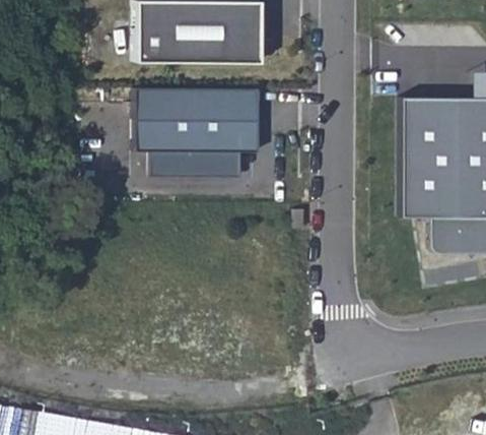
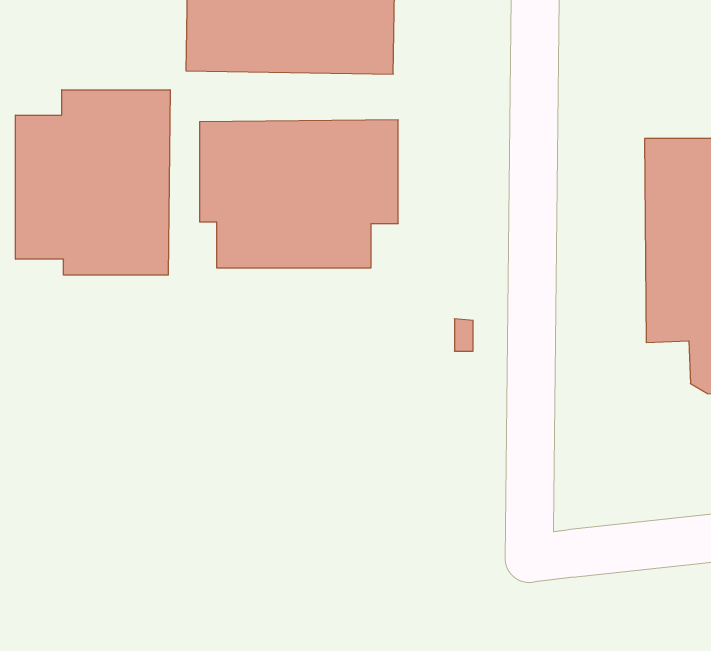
building: none -> [16,90,170,275]

